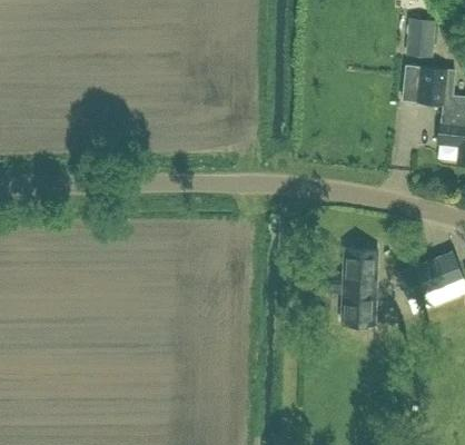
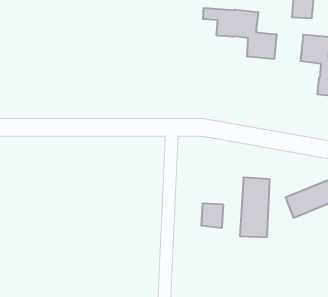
building: none -> [203,8,277,59]
building: none -> [202,203,223,228]

